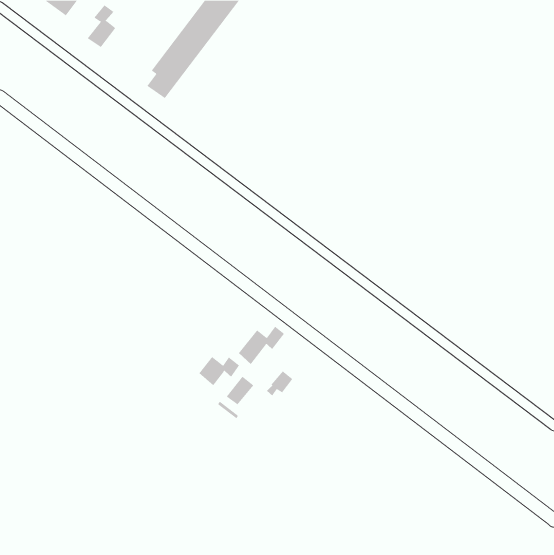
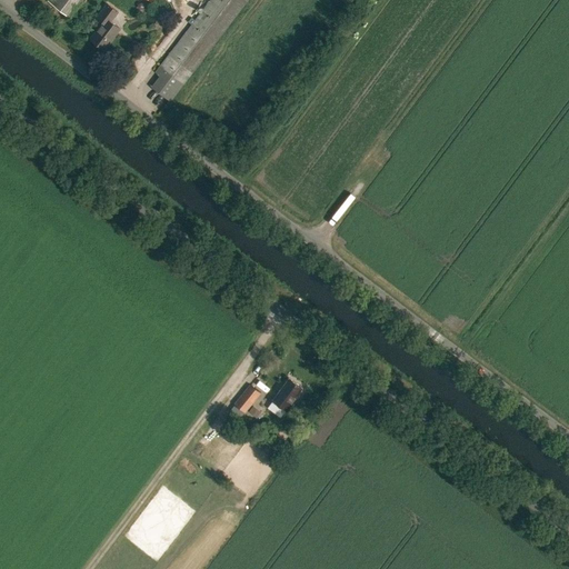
building: [238,326,285,365] -> none
building: [199,356,240,386] -> none

